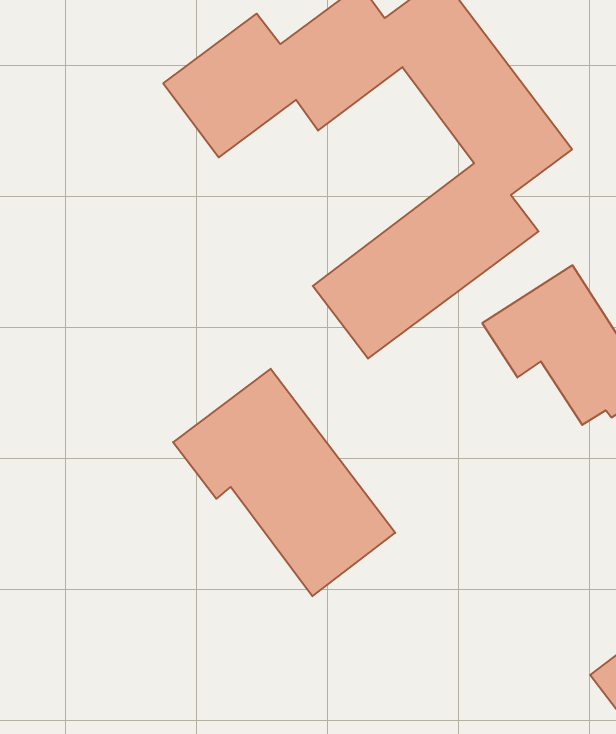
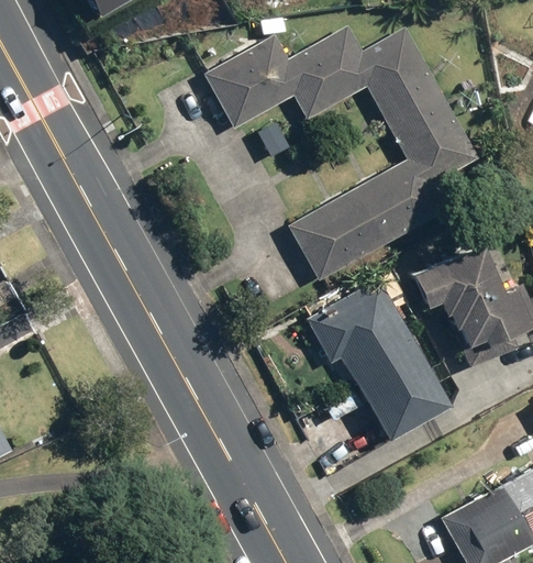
building: [173,369,395,596] -> [304,279,447,439]

